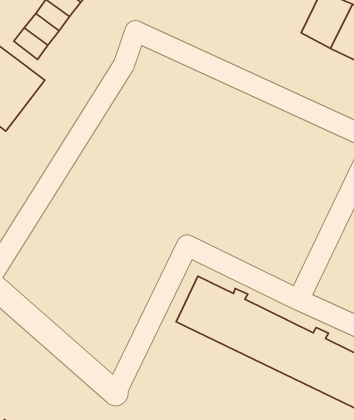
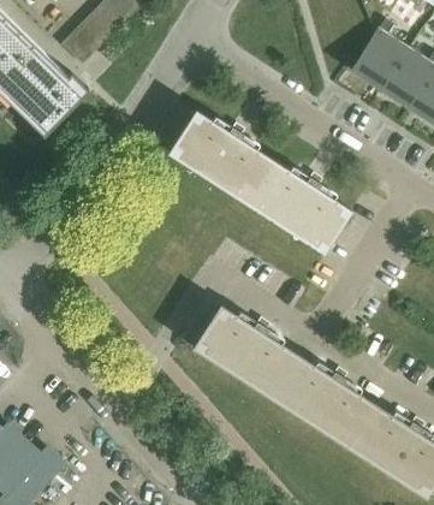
building: none -> [166,109,350,252]

